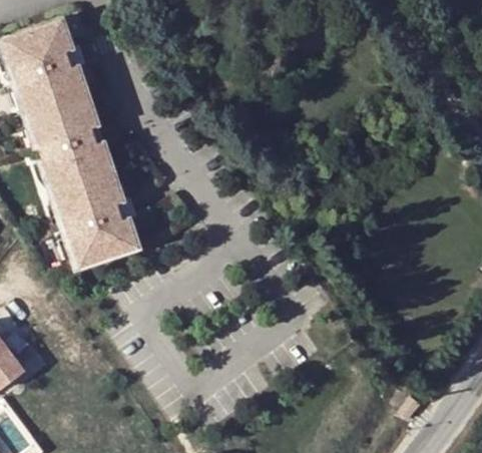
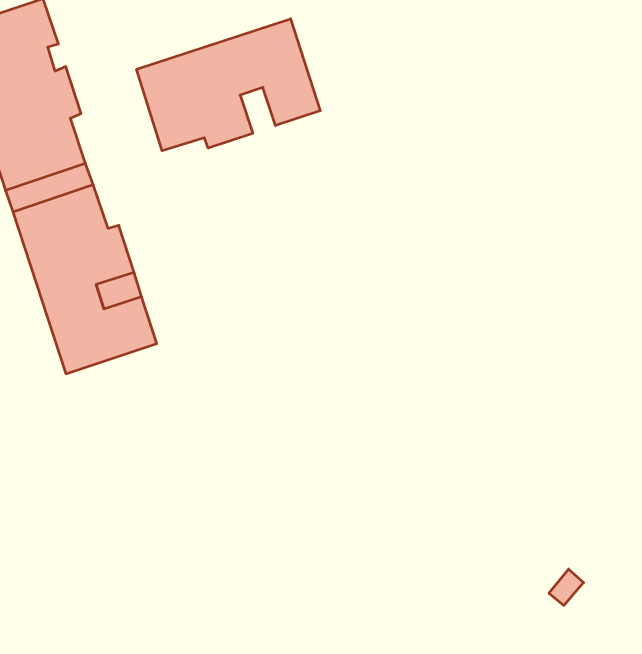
building: none -> [137,19,320,151]

